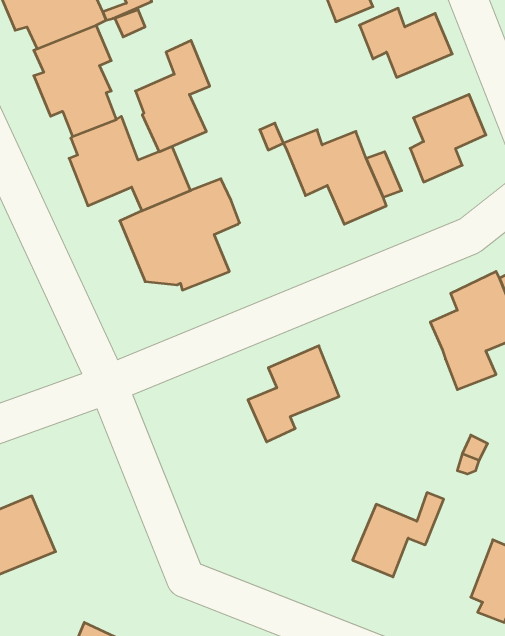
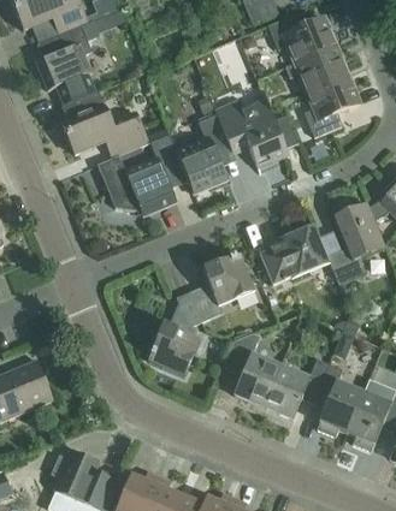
building: [135,40,210,152] -> [177,114,230,194]
building: none -> [285,46,347,91]
building: none -> [260,225,330,285]
building: none -> [148,292,202,375]
building: none -> [226,333,280,406]
building: none -> [317,363,364,436]

